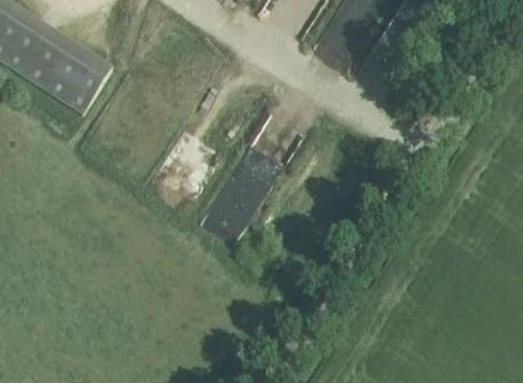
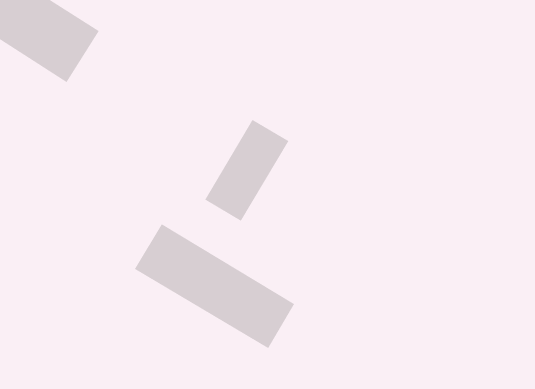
building: none -> [134,223,295,349]

